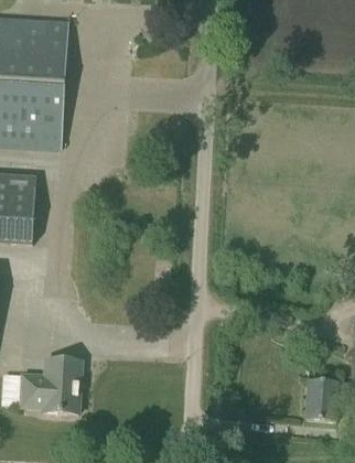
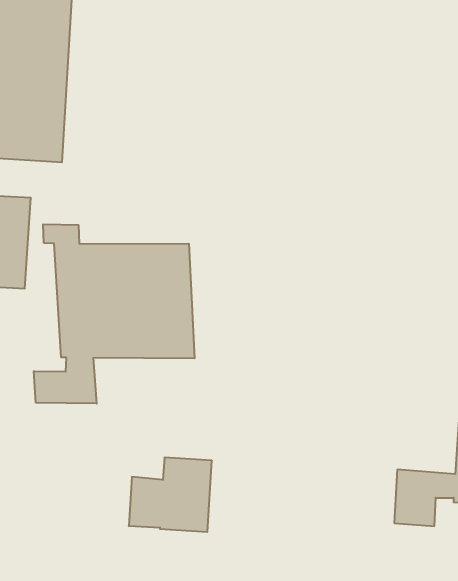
building: none -> [34,224,194,404]
building: [19,357,80,412] -> [129,458,212,532]

